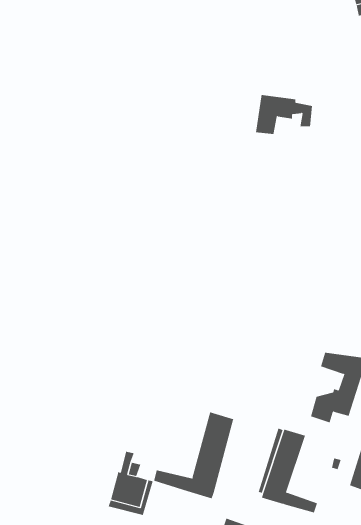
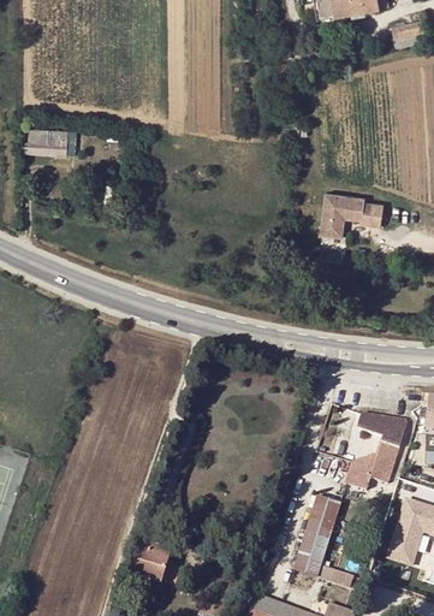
building: none -> [24,126,70,155]
building: [255,95,313,135] -> [319,195,381,238]
building: [153,412,234,499] -> none

